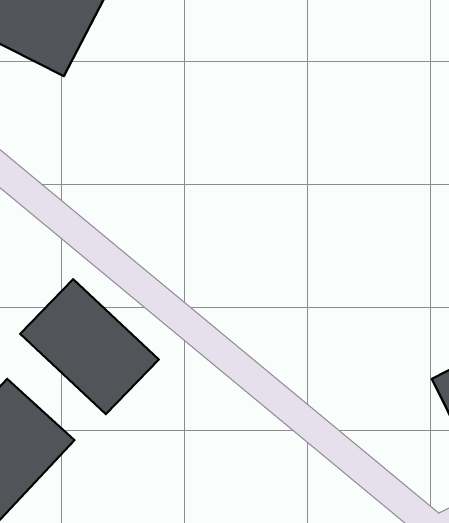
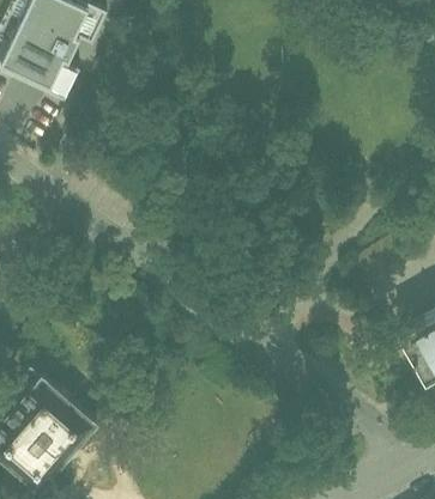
building: [20,279,159,414] -> none

